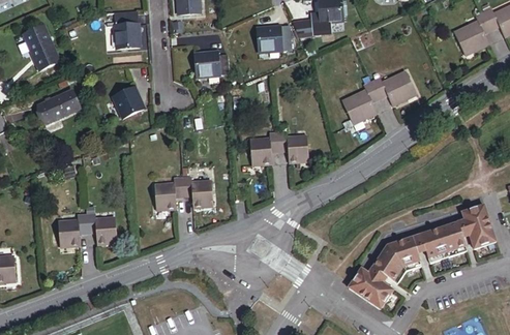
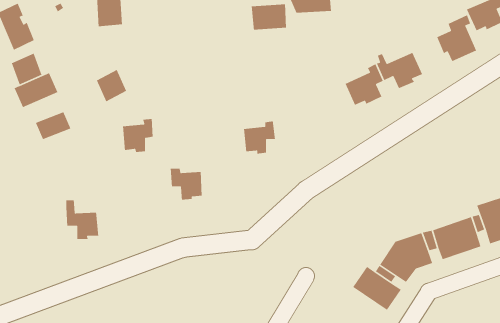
building: none -> [436,14,477,62]
building: [194,51,229,77] -> none
building: none -> [11,52,42,86]
building: none -> [35,111,71,140]
building: [277,128,308,162] -> none
building: [154,177,183,209] -> [122,118,154,153]
building: [58,213,87,245] -> none

